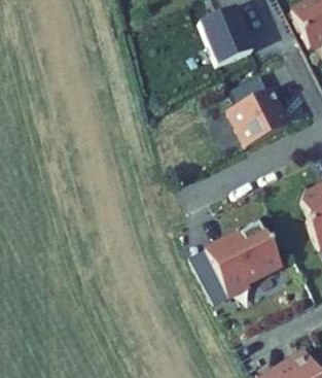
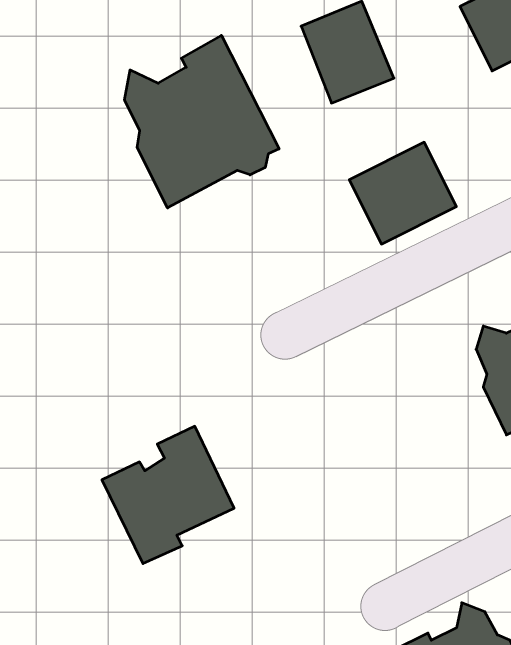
building: none -> [125,35,279,208]
building: [203,216,279,296] -> [102,426,234,564]

